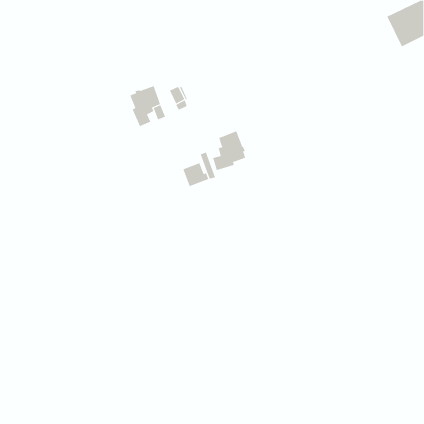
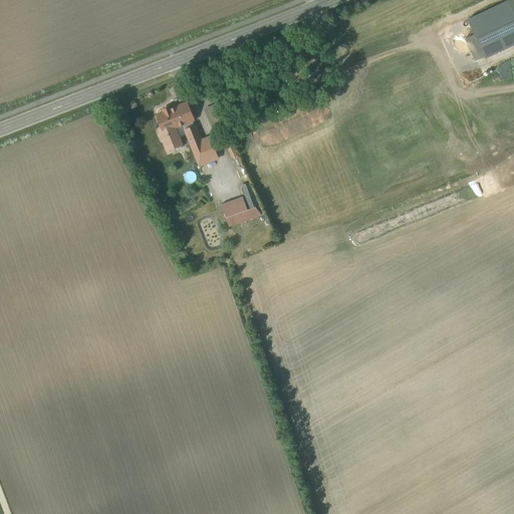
building: none -> [191,139,217,165]
building: [212,131,246,171] -> none

